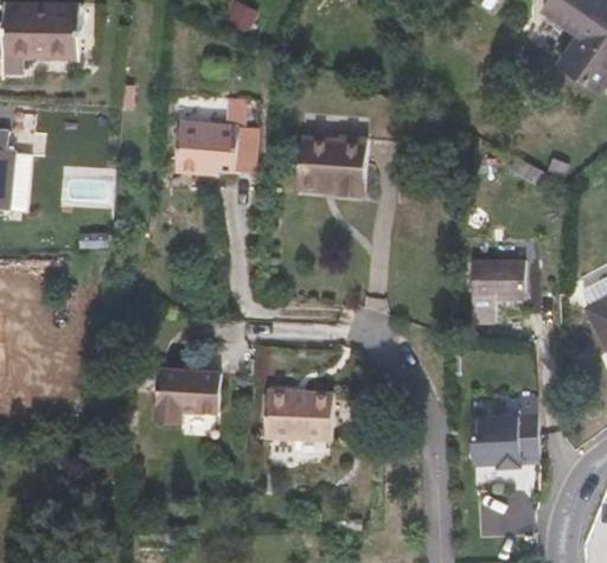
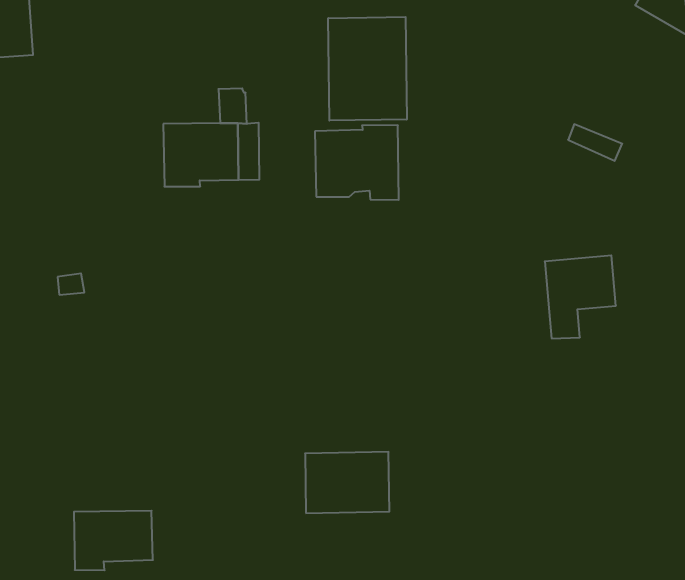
building: none -> [328,17,407,121]
building: [155,375,221,423] -> [74,511,153,570]
building: [472,418,538,468] -> none

